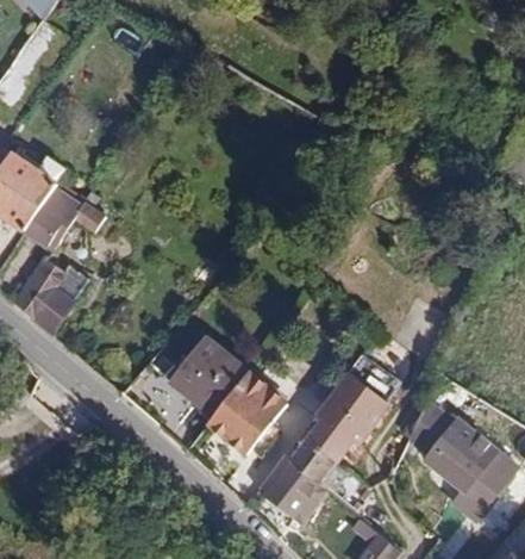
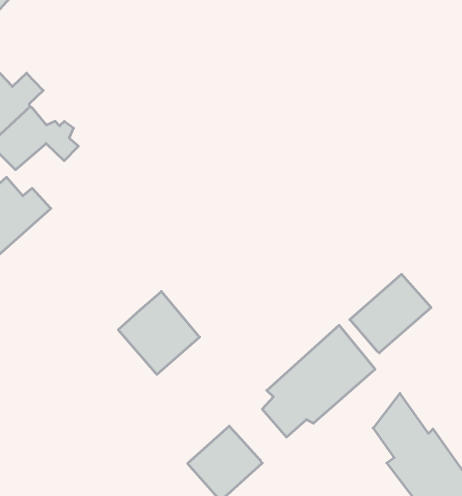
building: none -> [350,274,431,353]
building: [207,365,293,454] -> none
building: [290,431,338,478] -> none

